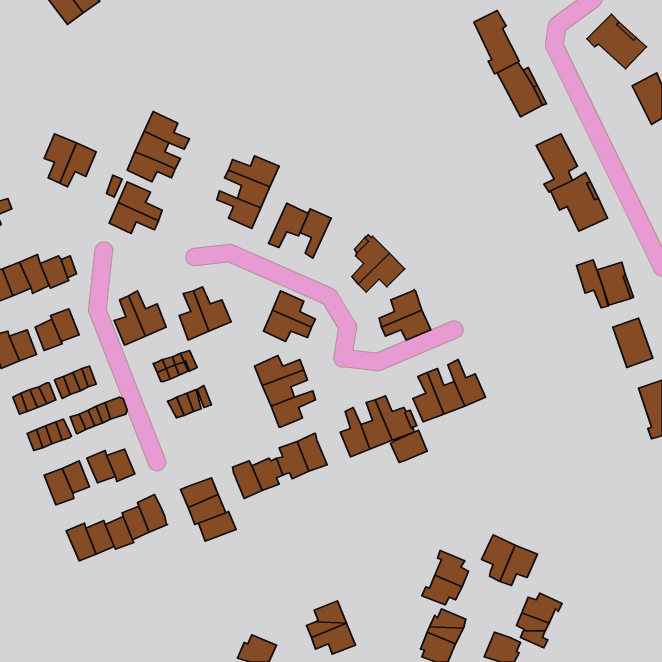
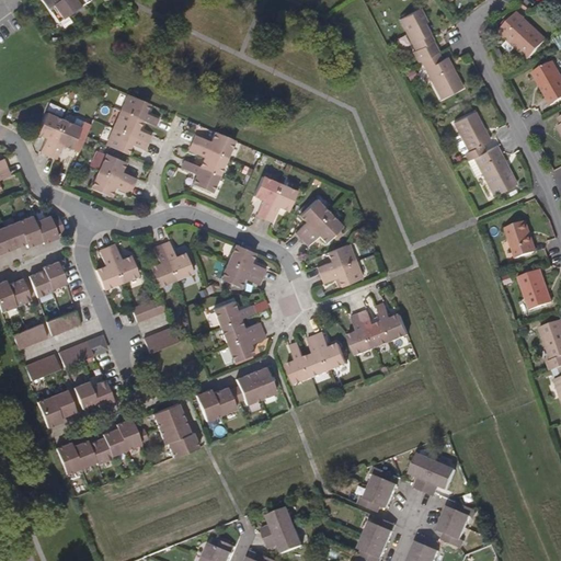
building: [268,203,309,247] -> [264,184,298,221]
building: [576,260,608,308] -> none
building: [391,430,427,463] -> none

